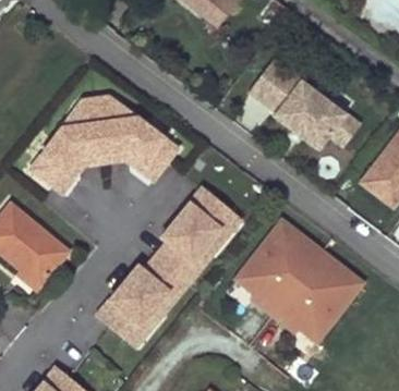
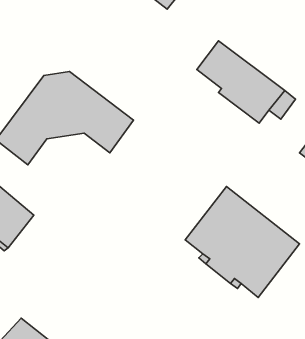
building: [94,185,244,349] -> none

